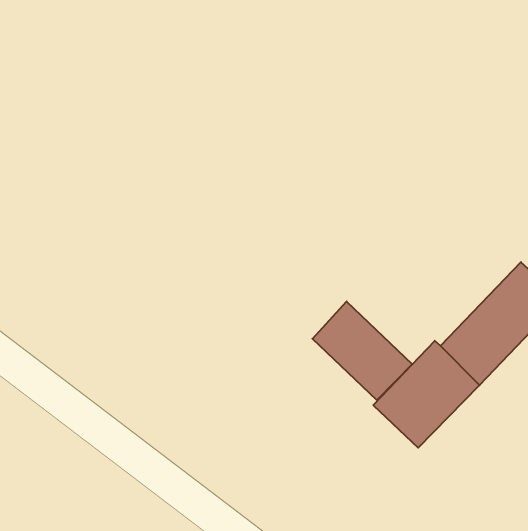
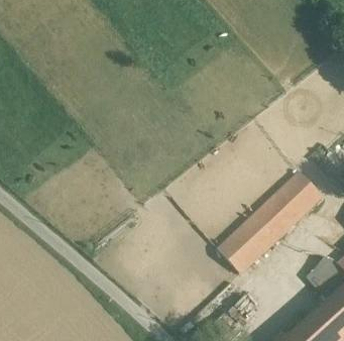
building: [312,301,412,400] -> none

